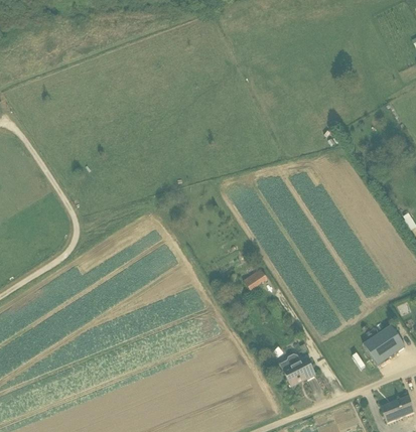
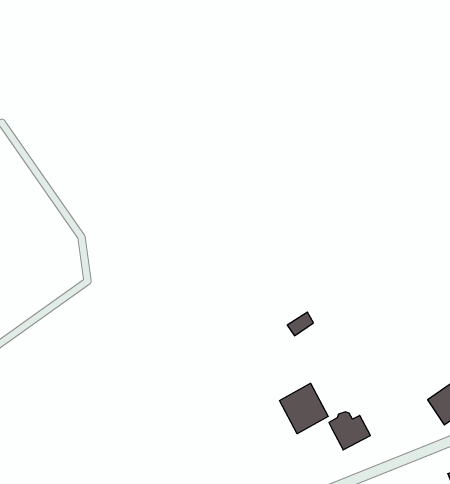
building: none -> [280,383,328,434]

